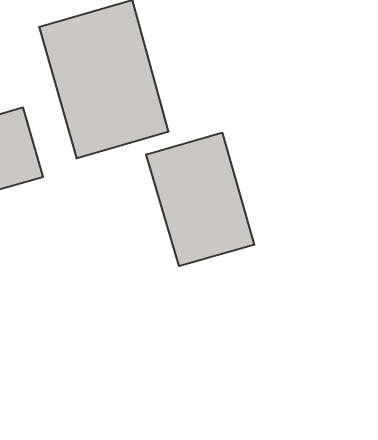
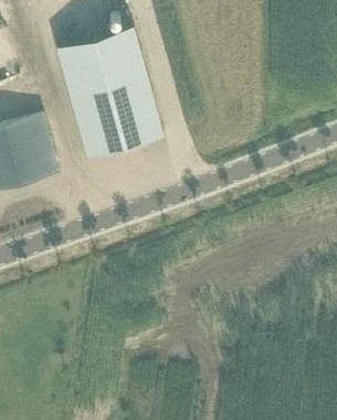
building: [146,133,254,266] -> none

